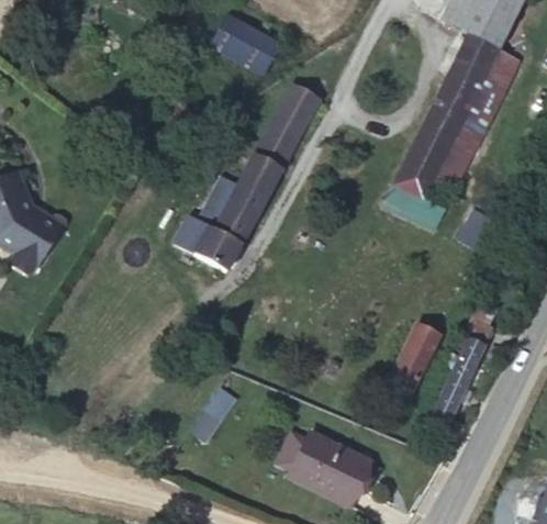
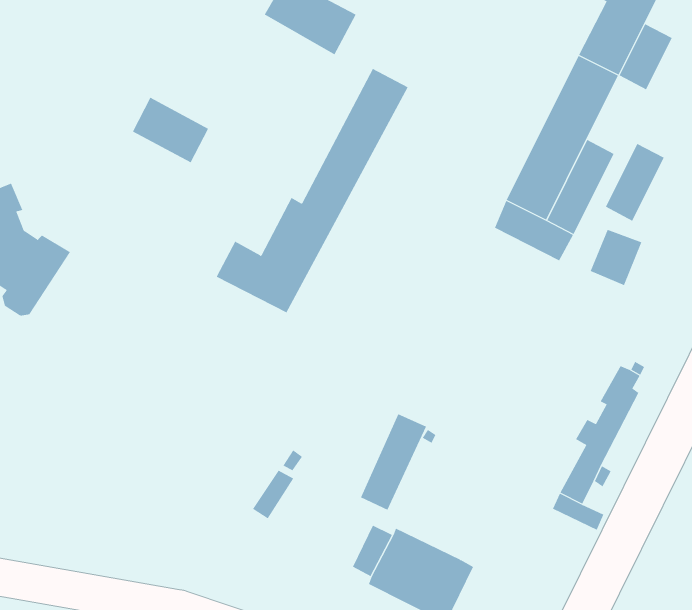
building: [455,89,500,148] -> [605,143,664,221]
building: none -> [132,97,209,163]
building: [388,322,438,395] -> [360,414,427,511]

